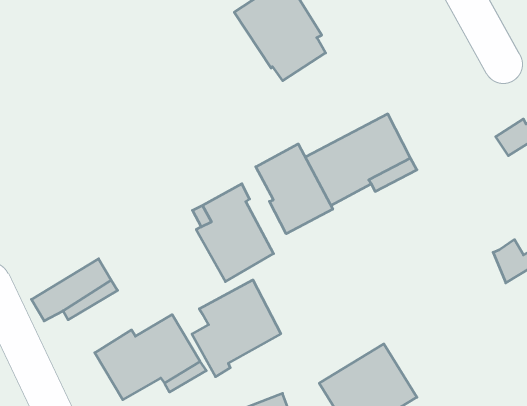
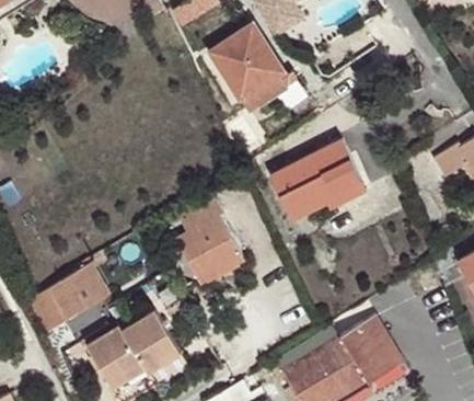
building: [256,144,333,234] -> none
building: [192,280,281,377] -> none
building: none -> [336,316,403,385]

